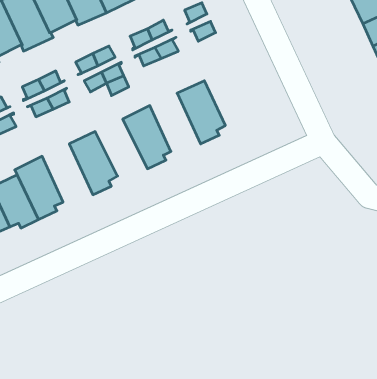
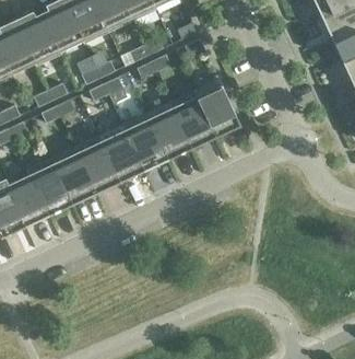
building: none -> [193,79,239,132]
building: none -> [145,102,190,154]
building: none -> [97,125,143,177]
building: none -> [50,147,95,199]

